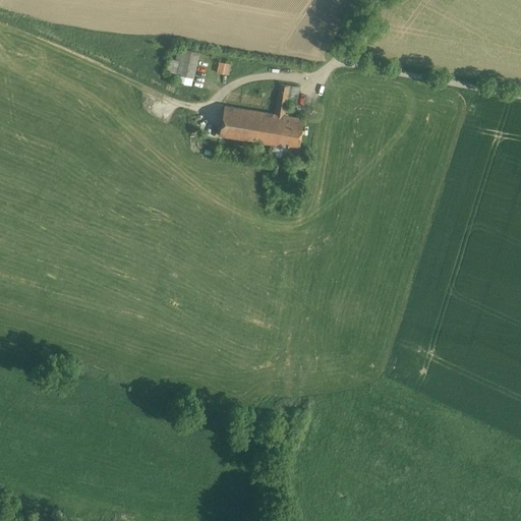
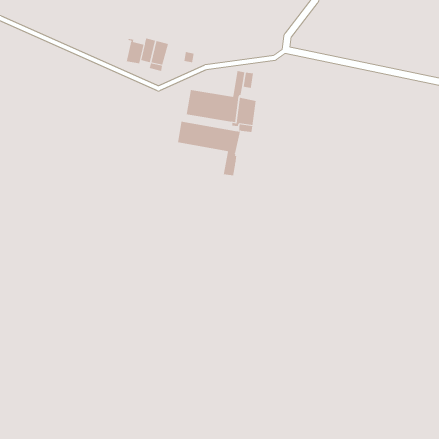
building: none -> [126,38,144,64]
building: none -> [177,121,240,176]

